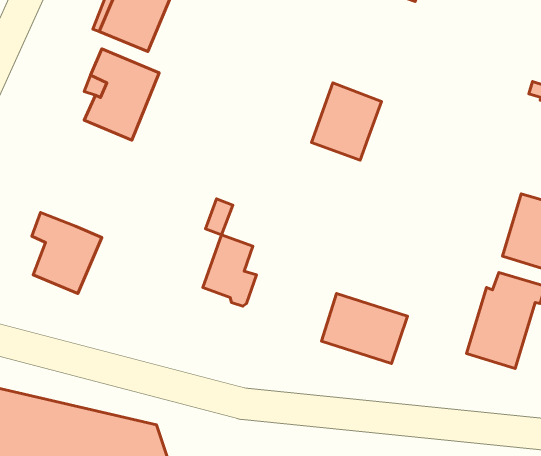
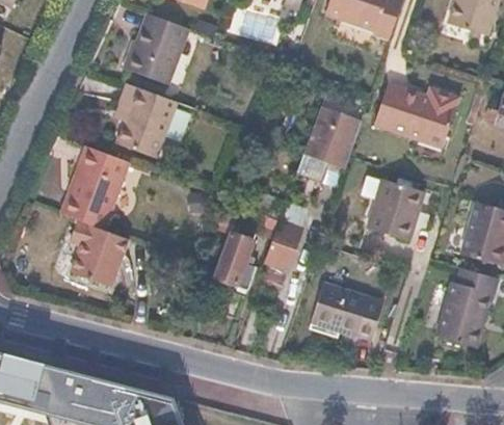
building: none -> [375,81,461,148]
building: none -> [62,142,131,229]
building: none -> [362,179,420,242]
building: none -> [265,223,300,270]

